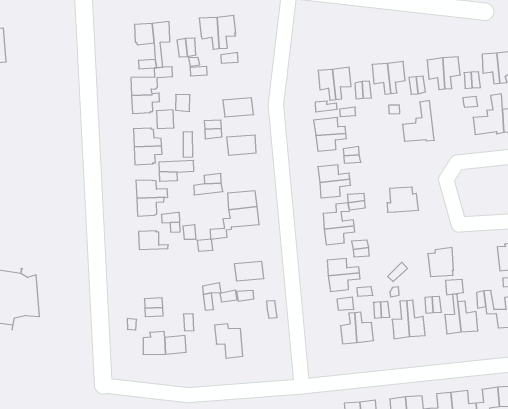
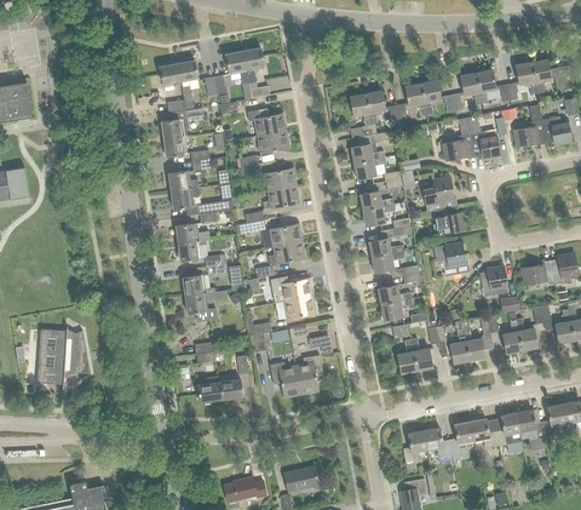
building: none -> [248,107,286,134]
building: none -> [467,114,500,159]
building: none -> [261,185,299,207]
building: none -> [424,176,458,211]
building: none -> [435,241,470,275]
building: none -> [270,275,312,302]
building: none -> [520,259,554,286]
building: none -> [185,290,226,320]
building: none -> [295,354,322,394]

